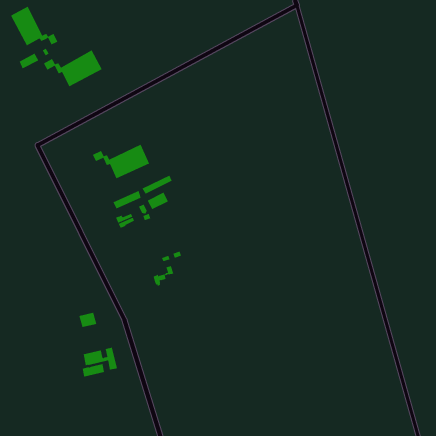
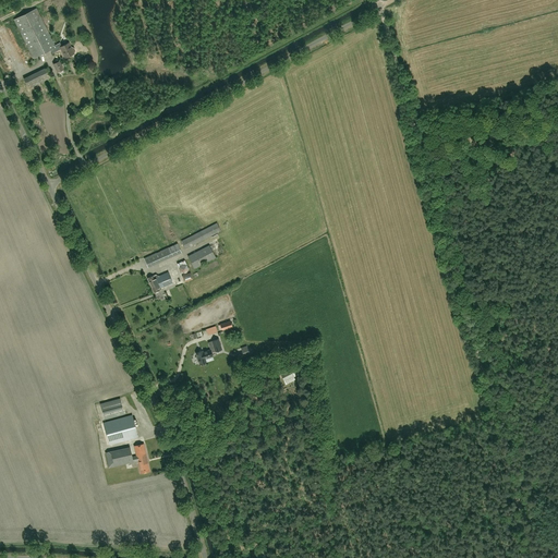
building: [43,50,103,87] -> none
building: [92,144,150,179] -> none
building: none -> [104,415,137,445]

